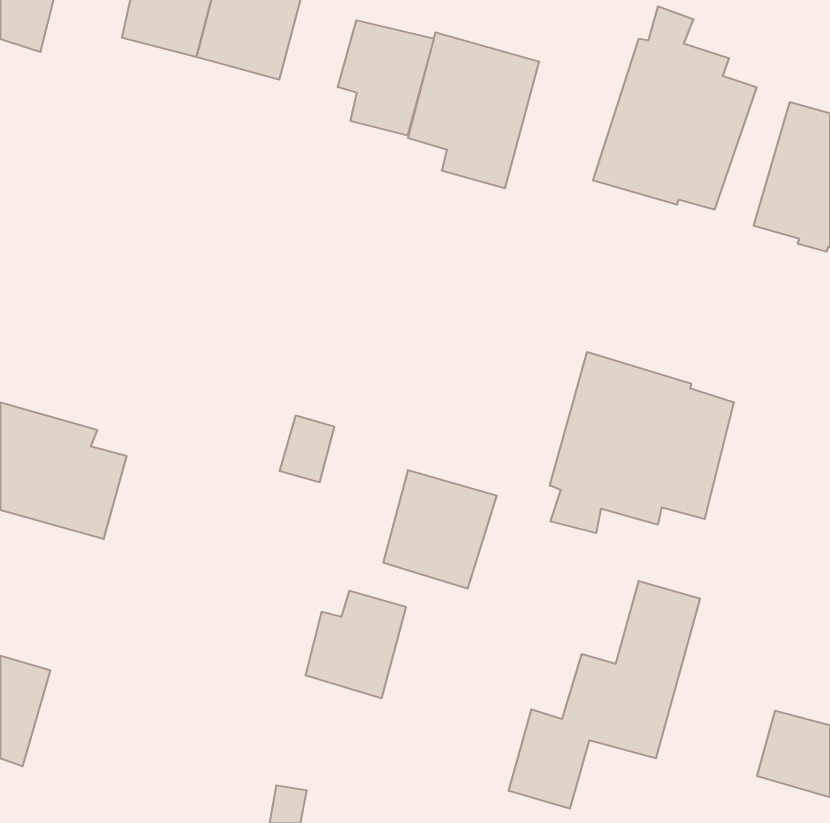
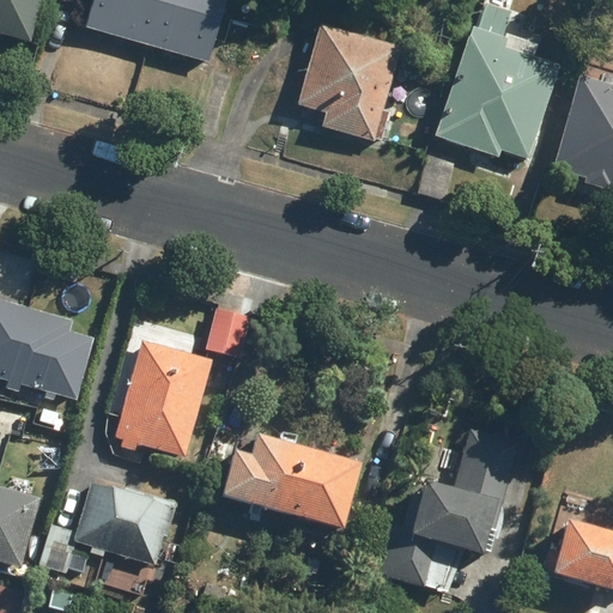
building: [338,20,434,135] -> none
building: [550,352,734,533] -> none
building: none -> [116,340,210,456]
building: [383,470,497,589] -> [281,447,365,534]
building: none -> [36,484,175,571]

